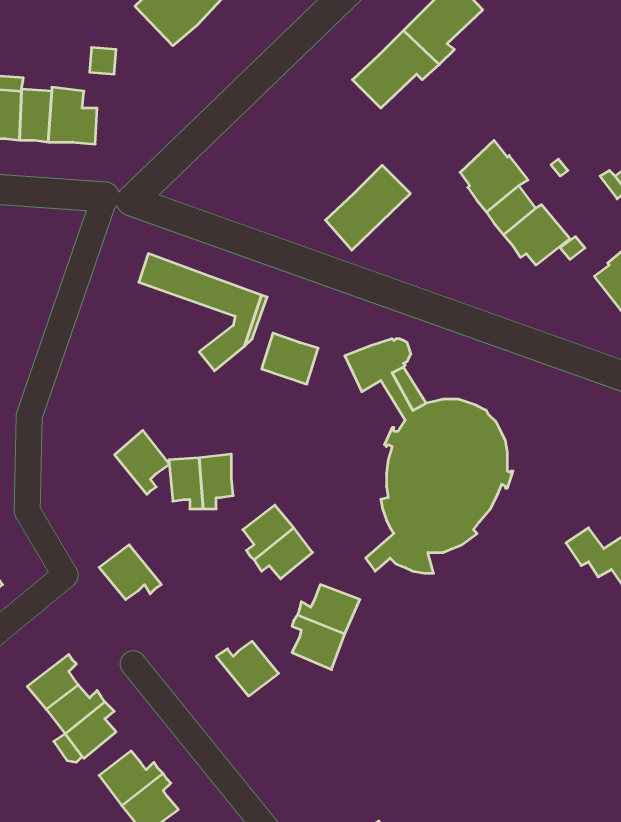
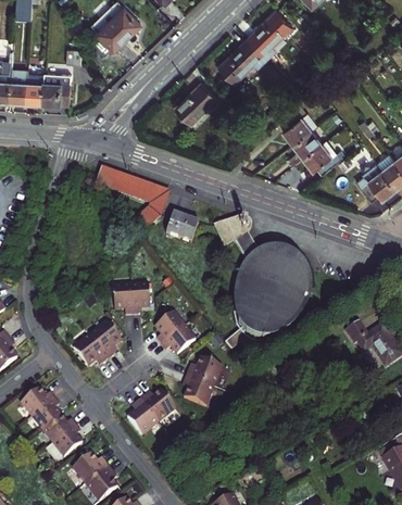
building: [325,165,410,250] -> [171,80,219,129]
building: [115,430,169,494] -> [90,319,122,356]
building: none -> [21,387,55,415]
building: none -> [127,397,159,434]

